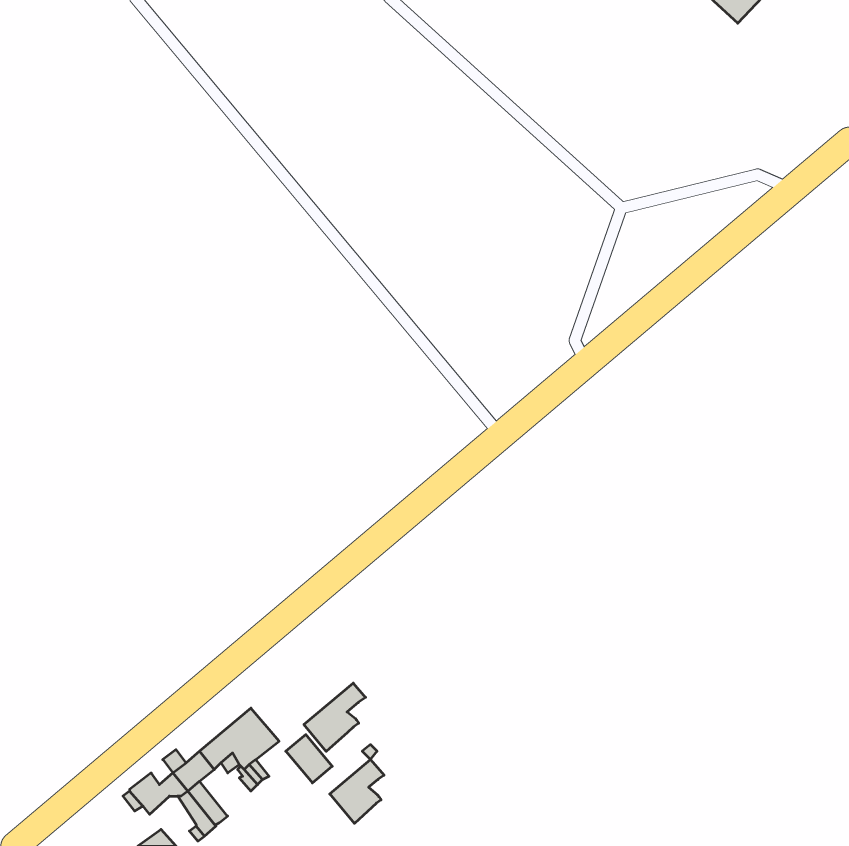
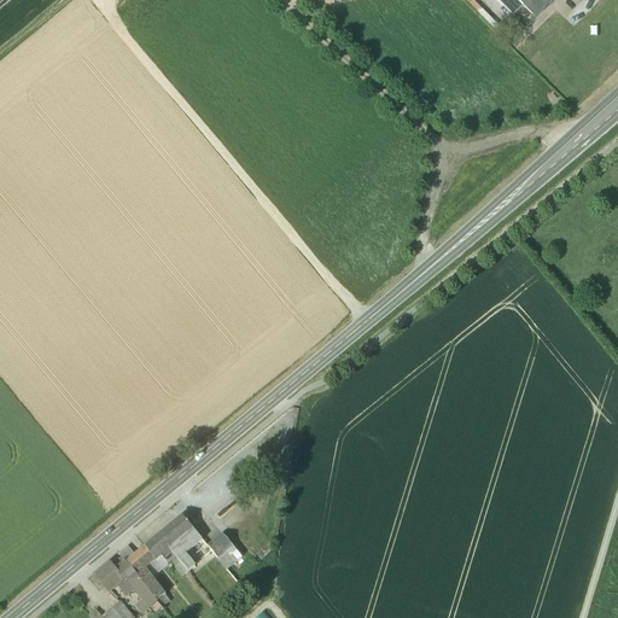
building: [304,683,366,751] -> none
building: [330,760,384,823] -> none

